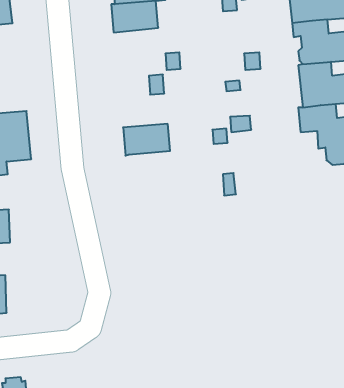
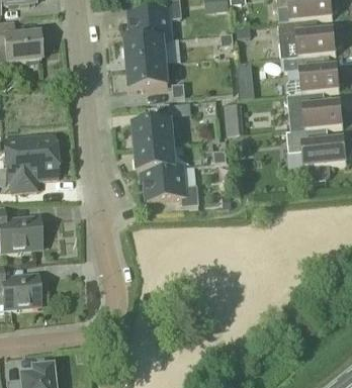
building: none -> [127,62,168,89]
building: none -> [134,120,174,148]
building: none -> [141,168,199,205]

